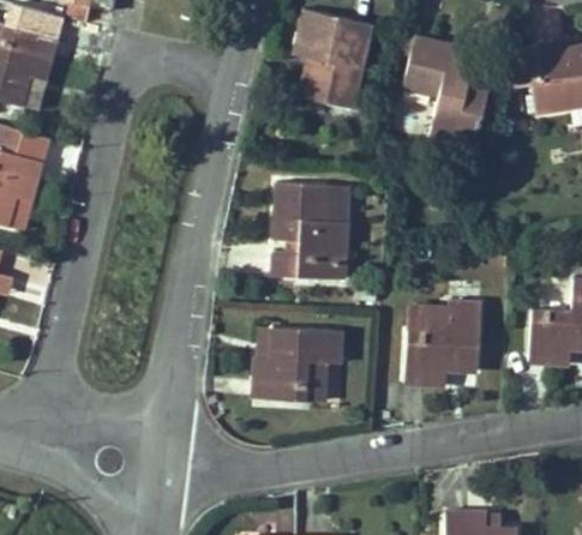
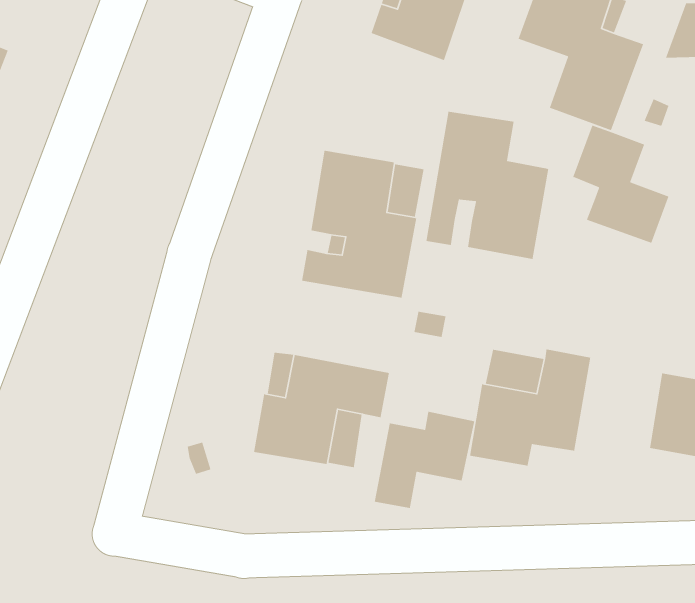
building: none -> [572,124,669,244]
building: none -> [425,111,549,260]
building: none -> [374,411,475,509]

